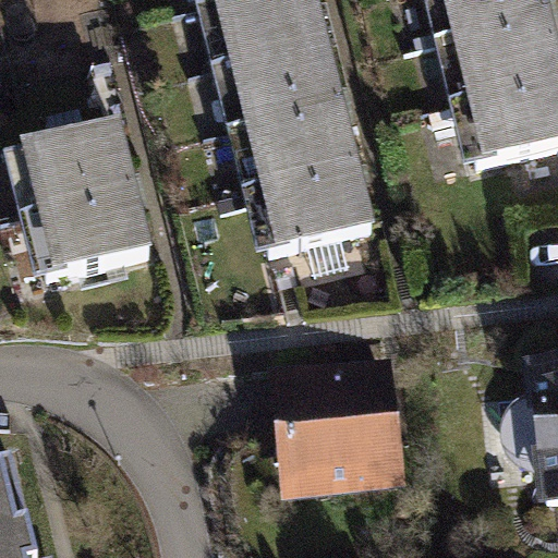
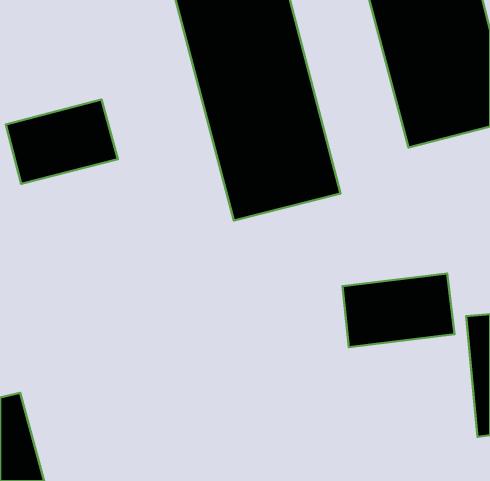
building: [24,181,154,282] -> none
building: none -> [342,274,454,347]
building: [275,366,403,497] -> none

